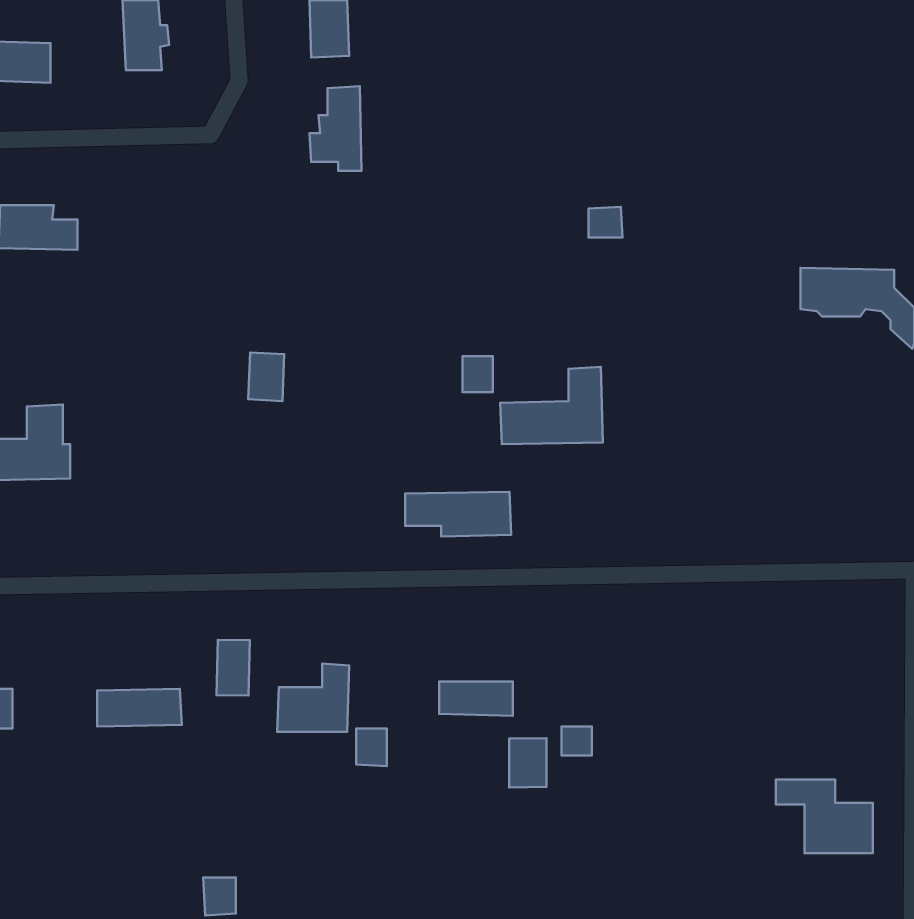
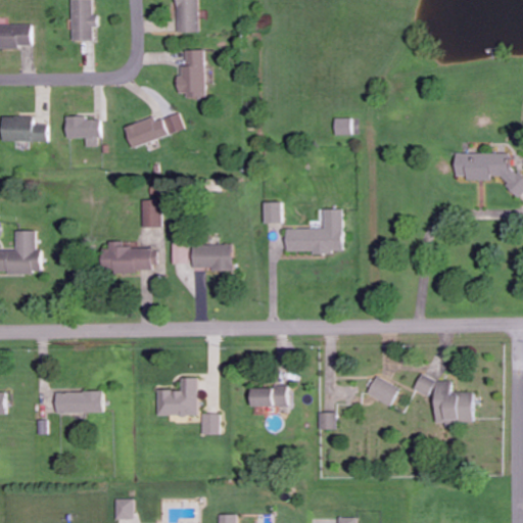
building: none -> [123,112,185,148]
building: none -> [63,117,97,147]
building: none -> [100,241,156,272]
building: [405,492,511,537] -> [172,244,232,270]
building: [217,640,250,695] -> none
building: none -> [367,377,399,406]
building: [509,738,547,787] -> none
building: [776,779,873,853] -> [417,379,472,421]

